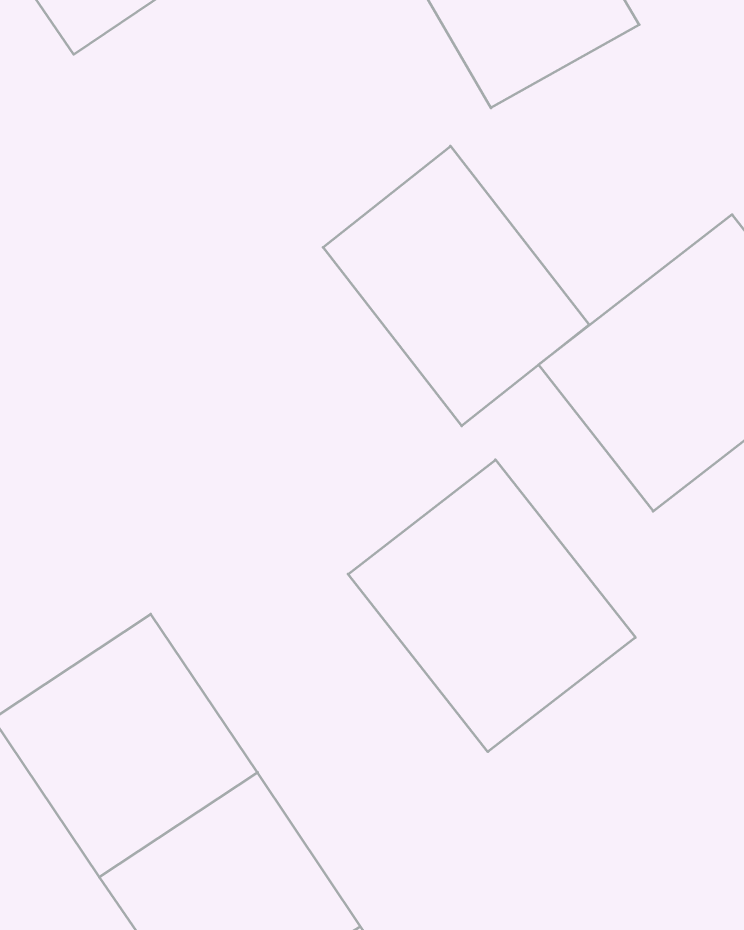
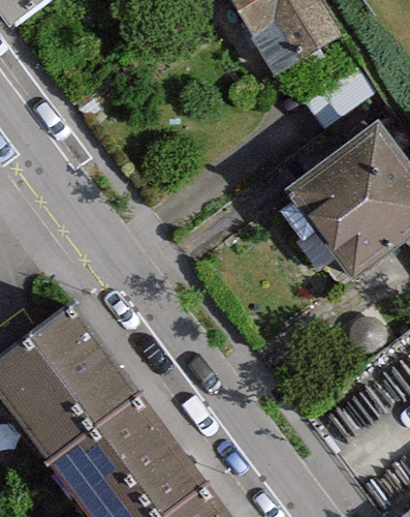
building: [323,146,589,426] -> none
building: [348,460,635,752] -> none

